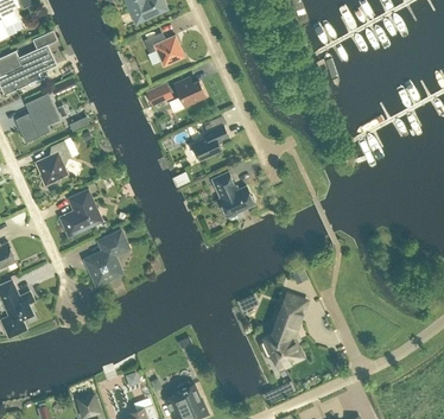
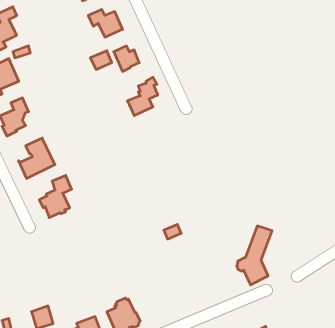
building: [211,171,254,216] -> none
building: [262,294,305,366] -> [237,226,272,285]

